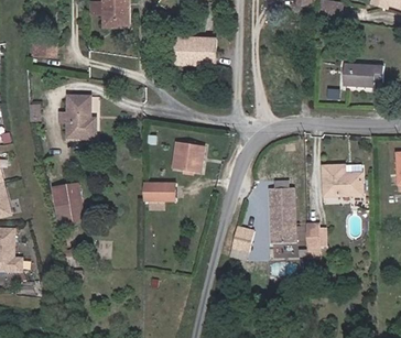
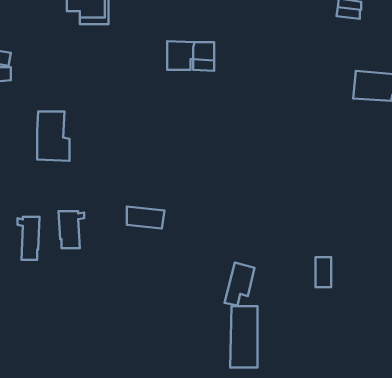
building: [171,139,203,170] -> none
building: [319,163,357,193] -> none
building: none -> [59,211,84,248]
building: [269,189,292,241] -> [230,306,258,367]

